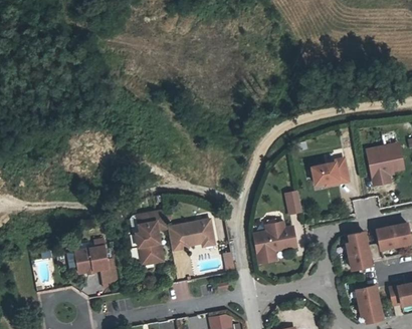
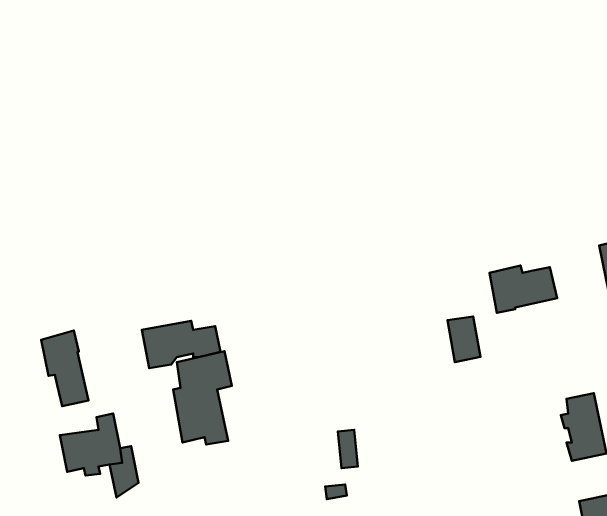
building: none -> [41,330,88,406]
building: [166,223,209,249] -> [142,321,221,368]
building: [254,223,296,264] -> none

